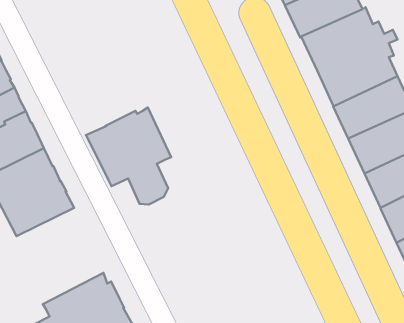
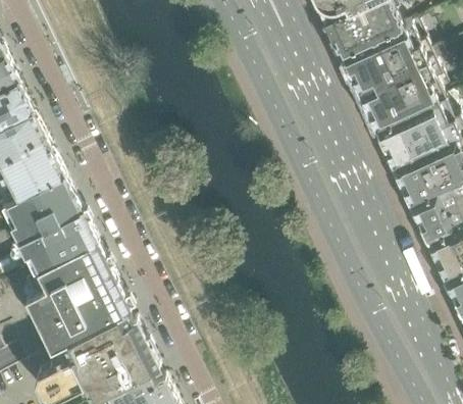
building: [86,107,171,204] -> none
building: none -> [27,242,134,351]

